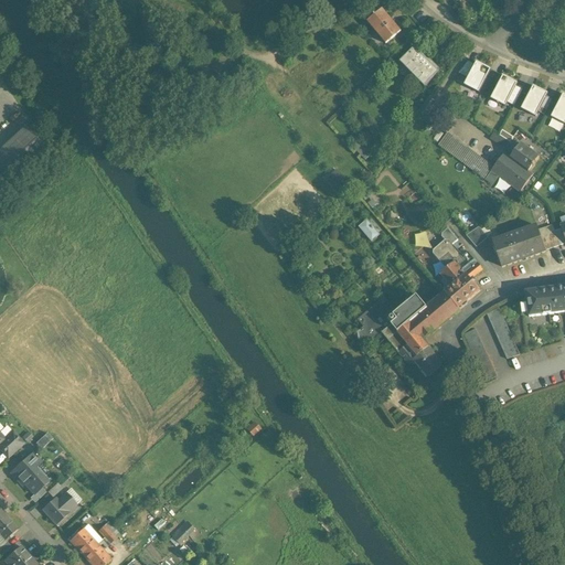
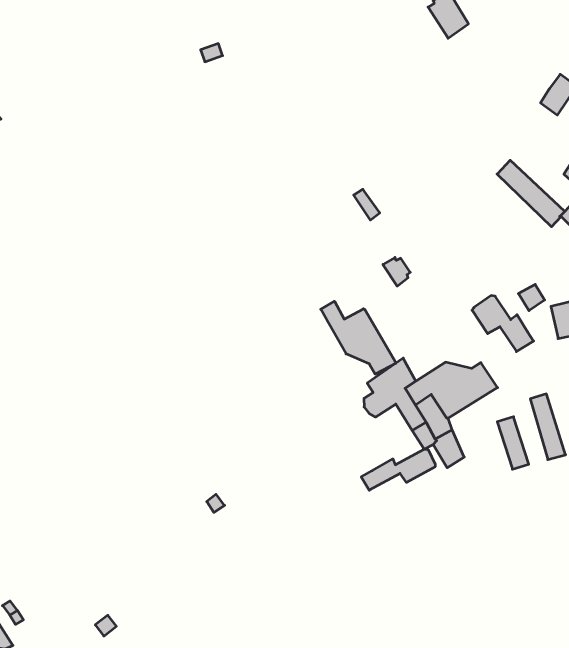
building: [398,44,438,84] -> none
building: none -> [321,301,396,374]
building: [439,260,479,308] -> none
building: none -> [361,449,435,490]

